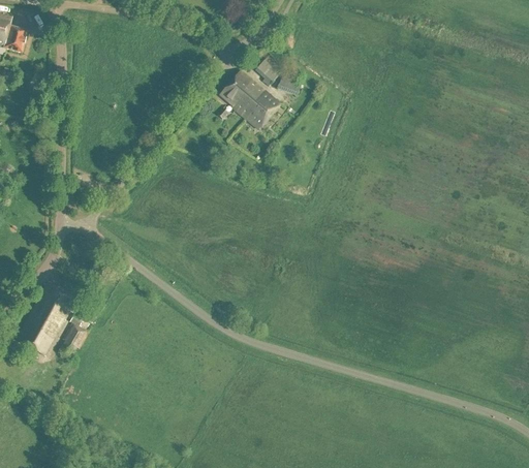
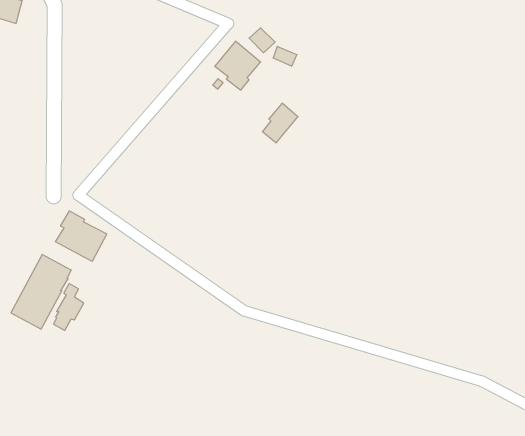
building: [245,91,280,130] -> [262,103,298,143]
building: none -> [56,211,107,261]

